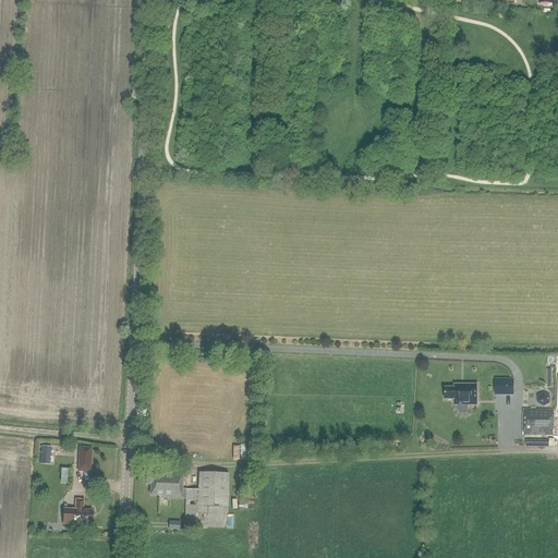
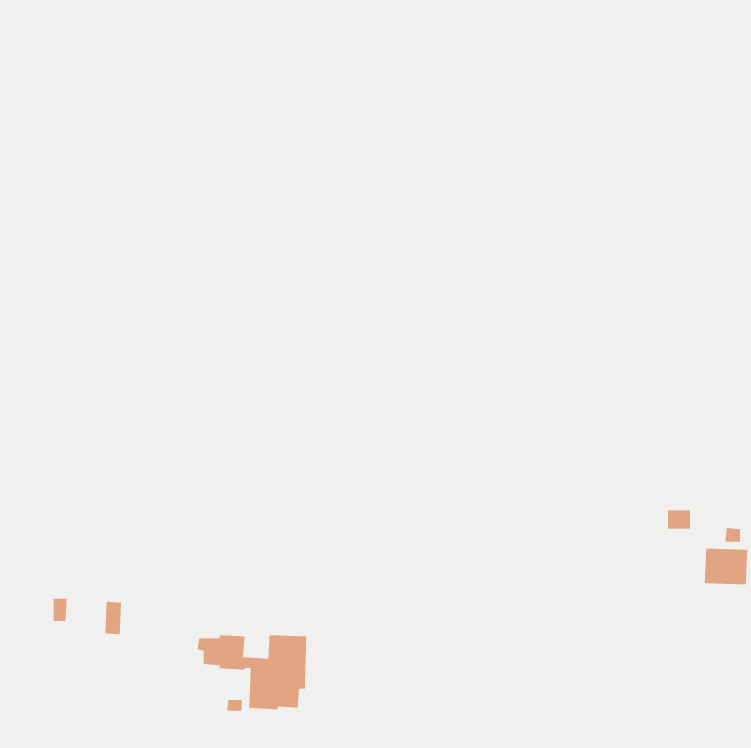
building: [444,383,476,412] -> none
building: [63,498,92,523] -> none

